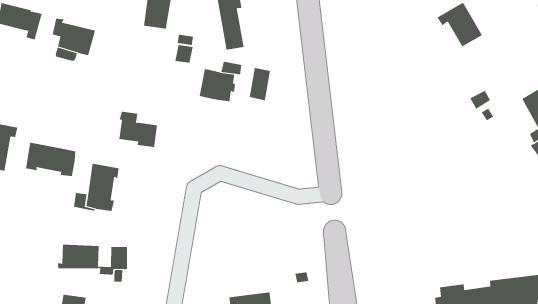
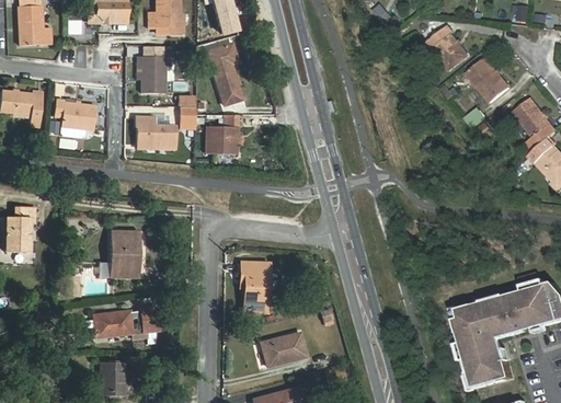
building: none -> [468,57,512,102]
building: [249,67,271,101] -> none
building: [118,111,158,148] -> [136,117,174,148]
building: [26,142,76,177] -> none
building: none -> [241,262,268,311]

